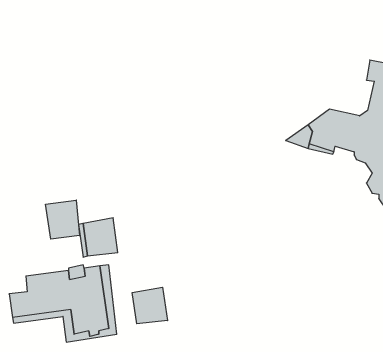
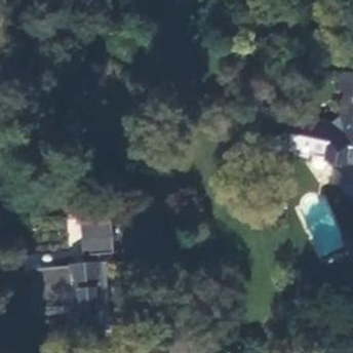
building: [46,200,80,239] -> none
building: [132,287,168,324] -> none

